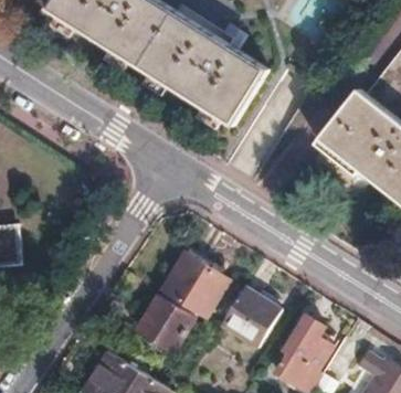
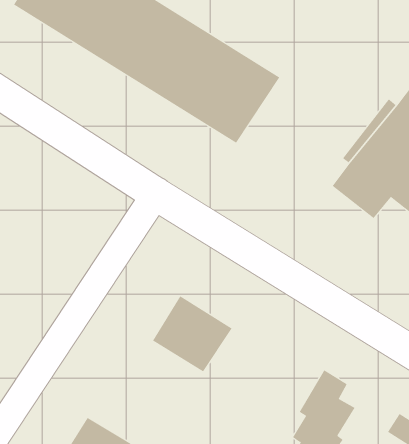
building: [220,286,279,346] -> none
building: [137,296,194,351] -> none

